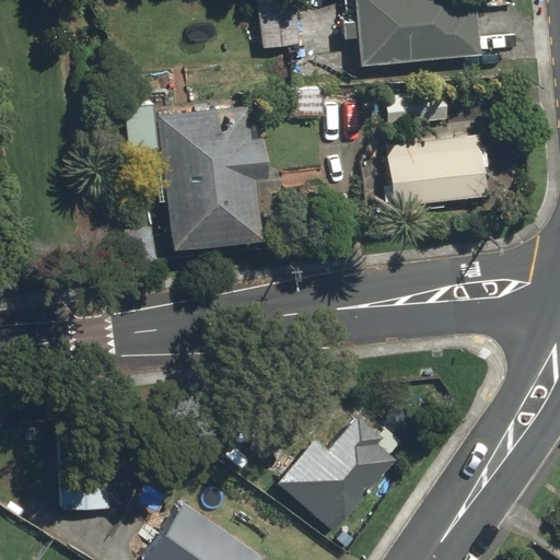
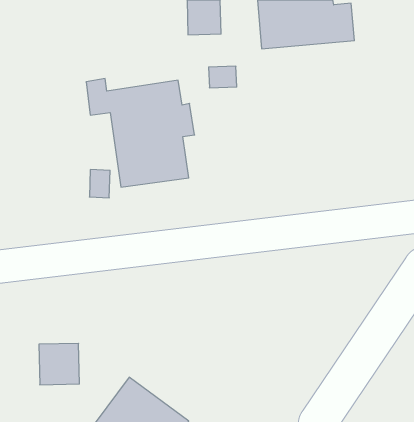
building: [383,133,488,211] -> none
building: [279,416,404,533] -> none

